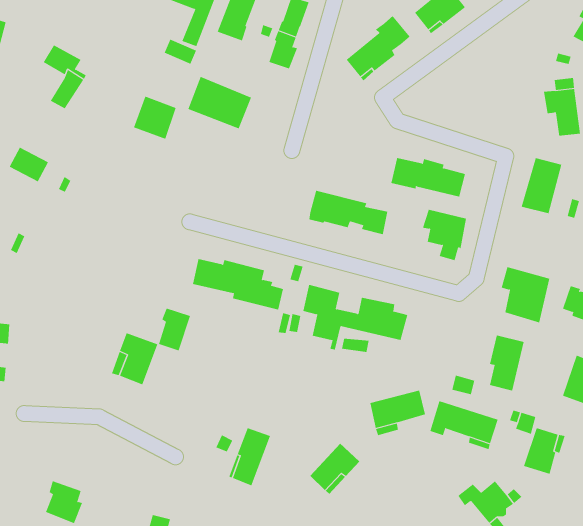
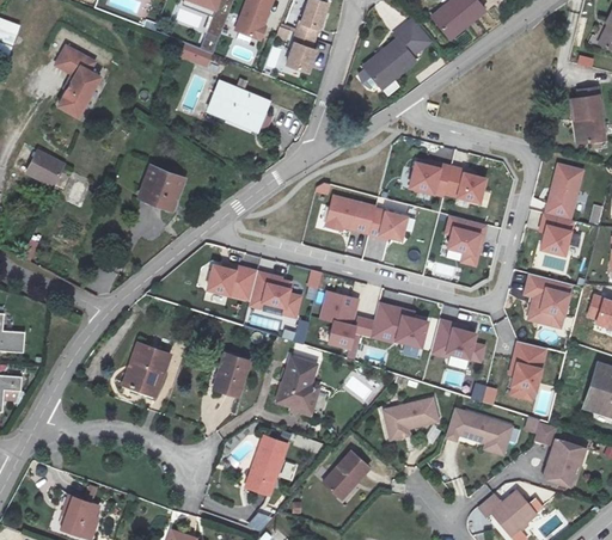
building: [133,96,177,139] -> [139,166,183,210]
building: none -> [537,211,574,257]
building: [158,308,191,351] -> [219,351,252,395]
building: none -> [432,319,484,362]
building: none -> [280,356,320,418]

